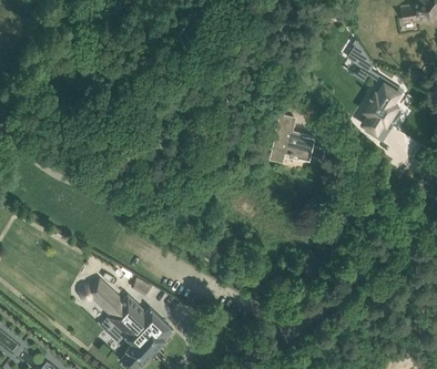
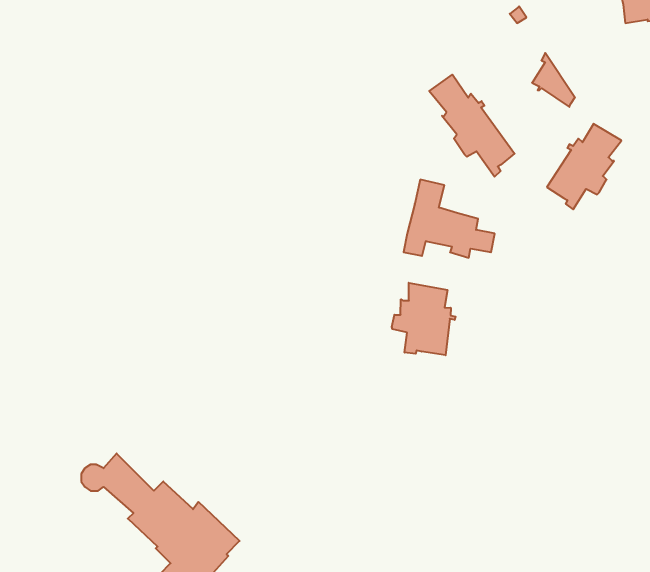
building: none -> [429,75,515,177]
building: none -> [392,283,456,355]

